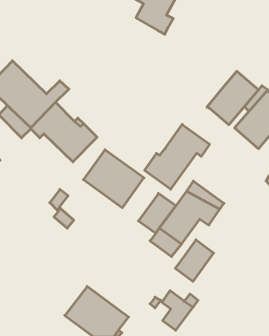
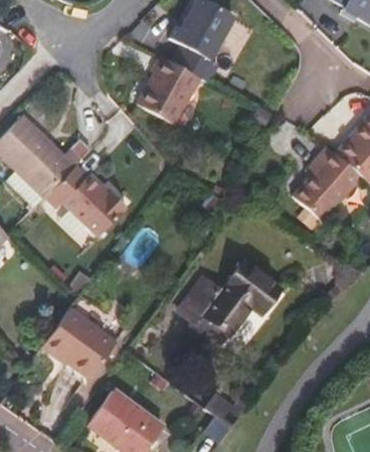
building: none -> [138,56,201,125]
building: [207,71,259,125] -> none
building: [145,124,209,189] -> none
building: [83,150,144,208] -> [43,308,117,379]
building: [175,240,214,281] -> none

